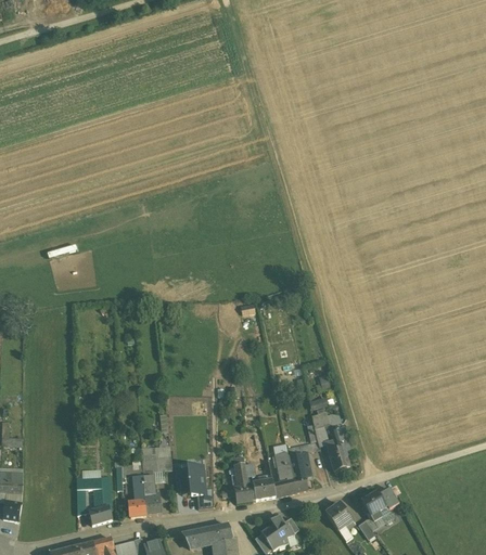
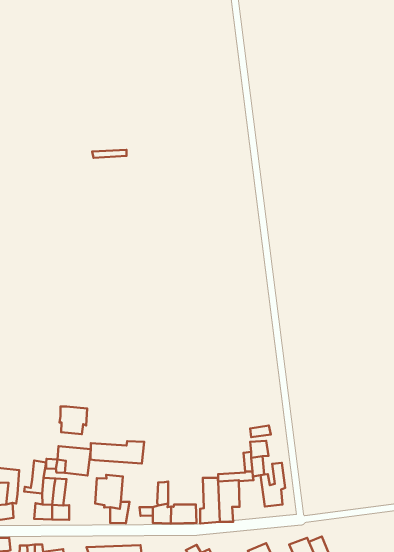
building: none -> [59,406,87,434]
building: none -> [91,441,144,464]

